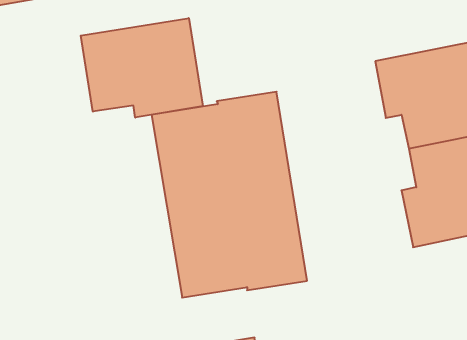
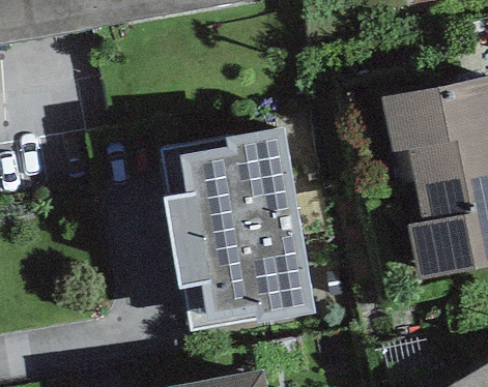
building: [81,18,203,118] -> none

